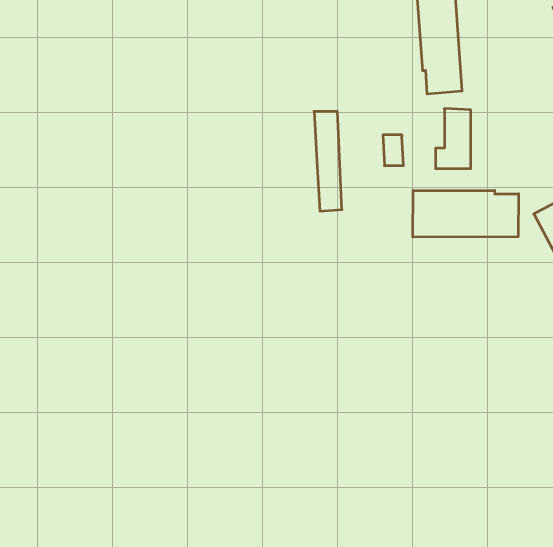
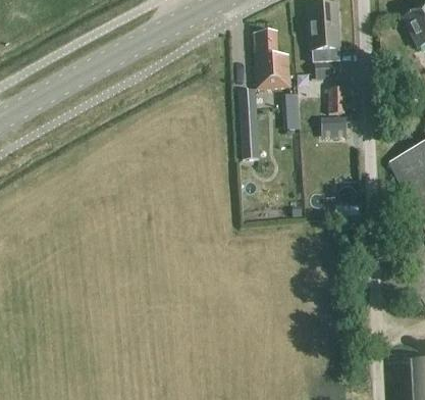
building: none -> [253,31,288,88]
building: [413,190,519,237] -> none

